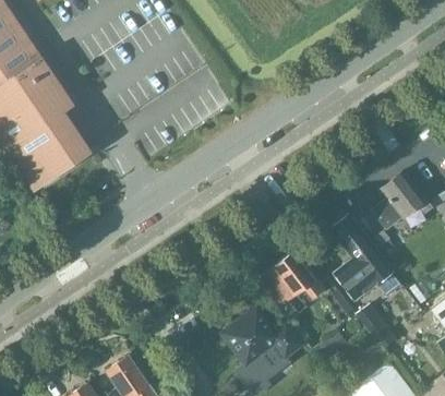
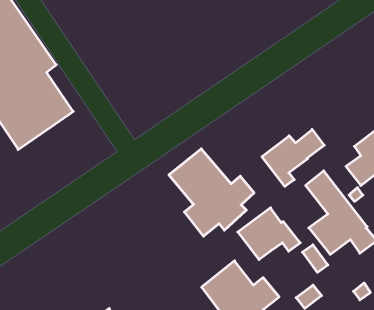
building: none -> [262,129,324,186]
building: none -> [169,149,254,236]

